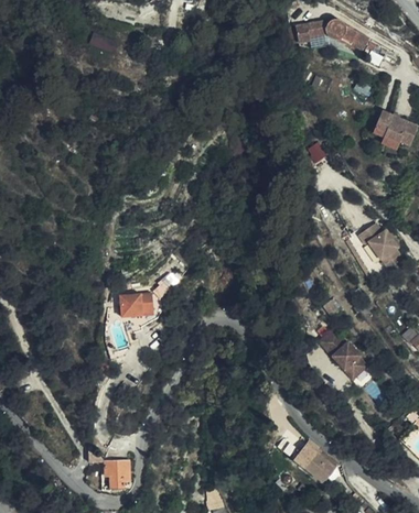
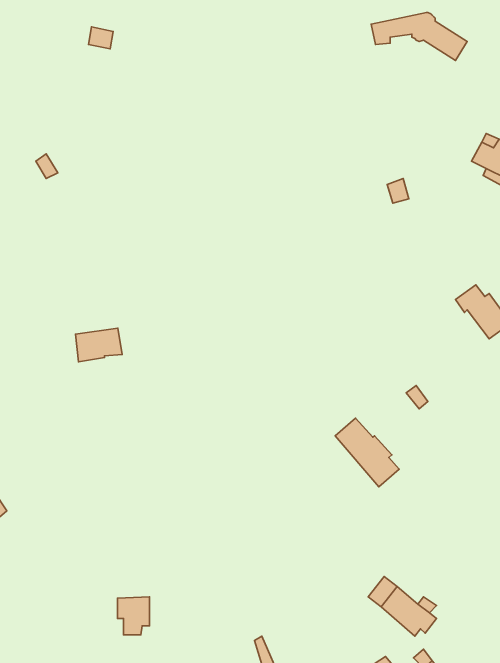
building: [117,293,152,318] -> [76,328,122,362]
building: [319,329,367,381] -> [335,418,399,487]

